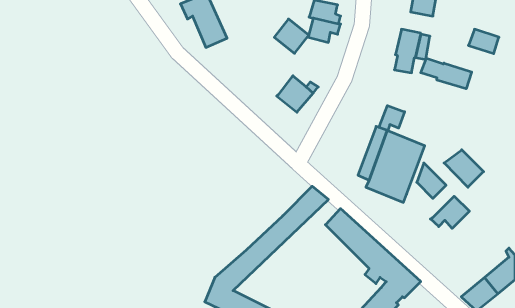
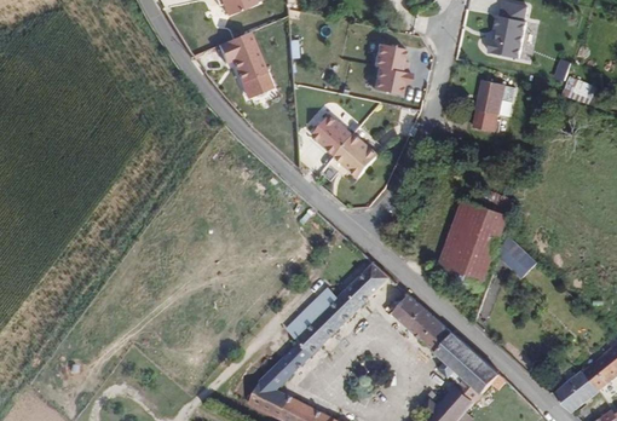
building: [274,19,309,53] -> [308,115,350,156]
building: [421,58,472,89] -> none
building: [379,106,405,130] -> none
building: [444,150,484,187] -> none
building: [430,196,469,228] -> none
building: none -> [282,284,339,341]

